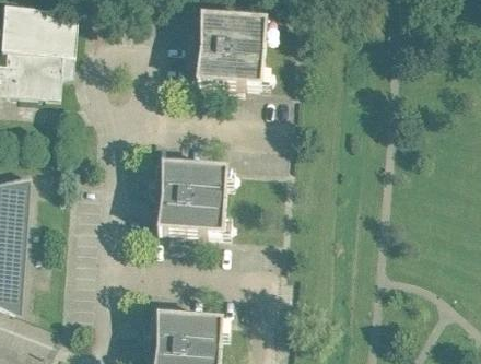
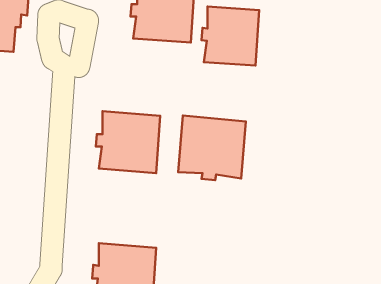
building: none -> [202,7,259,66]
building: none -> [178,115,246,180]

